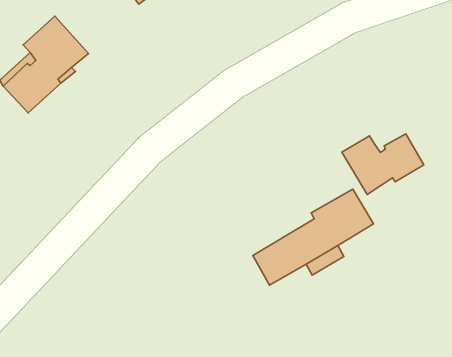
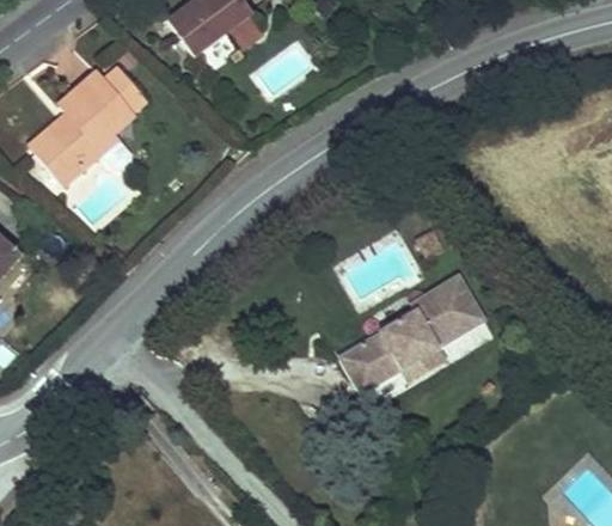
building: [342,134,424,195] -> none

